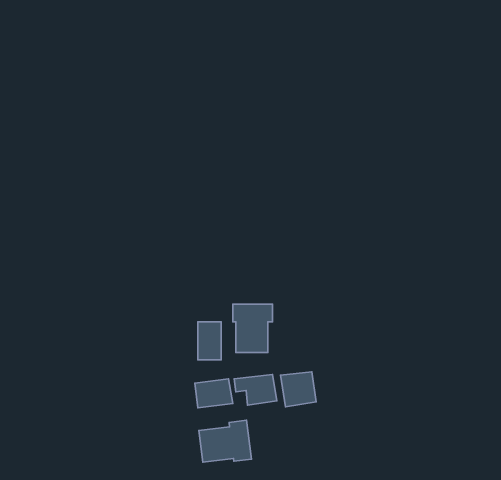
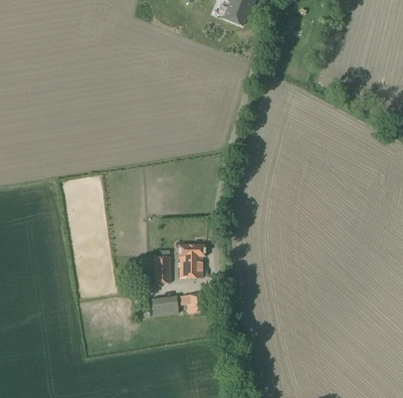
building: [281,372,316,407] -> none
building: [199,420,251,462] -> none

